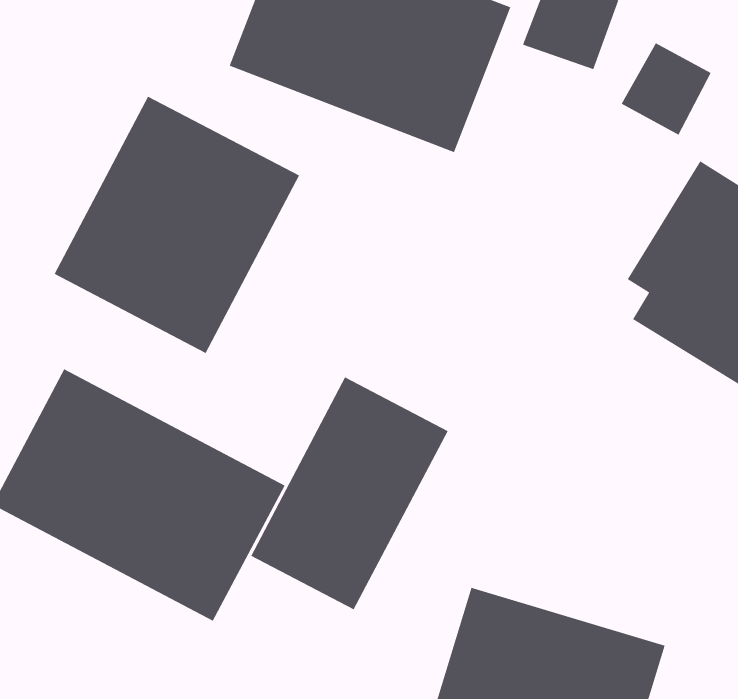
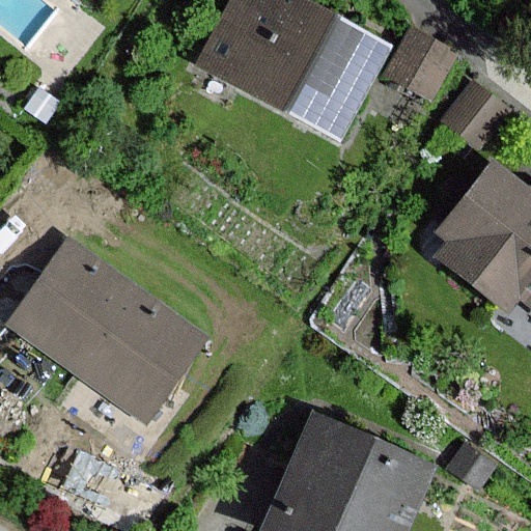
building: [54,96,300,354] -> none
building: [250,377,448,610] -> none

